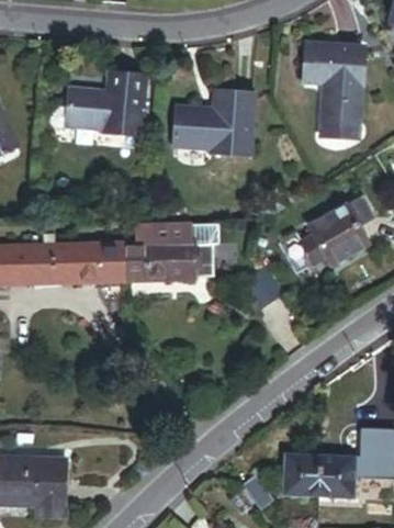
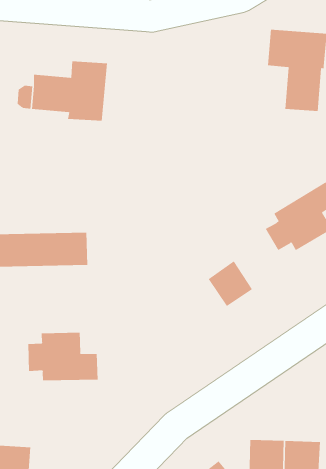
building: [171,90,251,157] -> none
building: [123,224,212,279] -> none
building: none -> [28,332,98,381]

